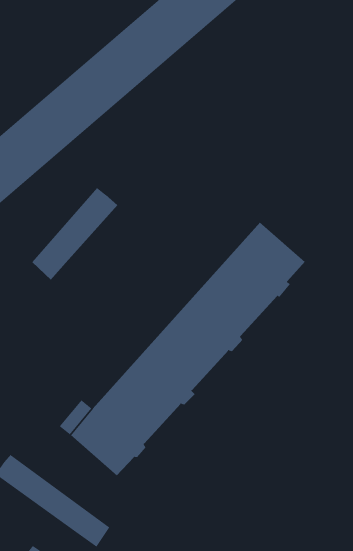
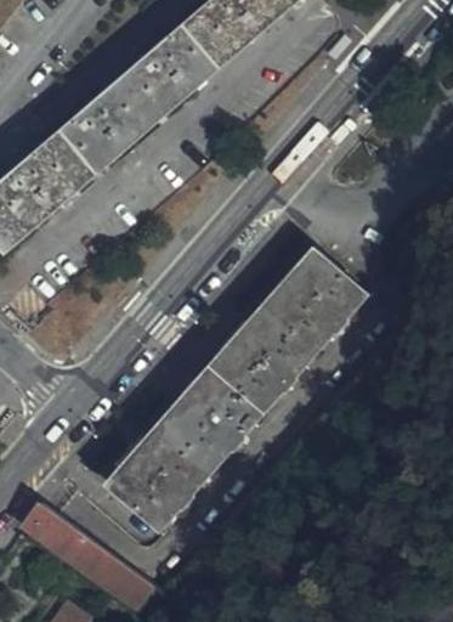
building: [32,187,118,280] -> none

